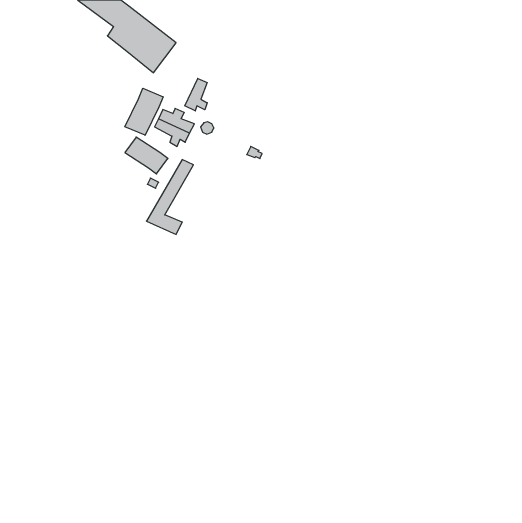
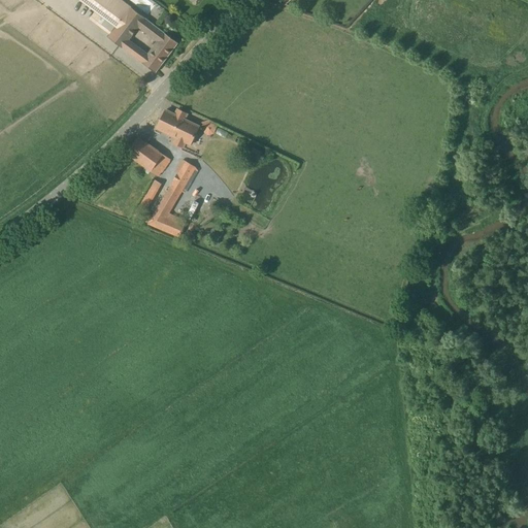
building: [185,78,207,111] -> none
building: [125,88,163,135] -> none

